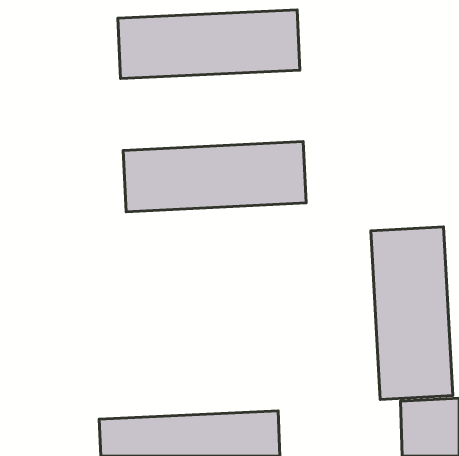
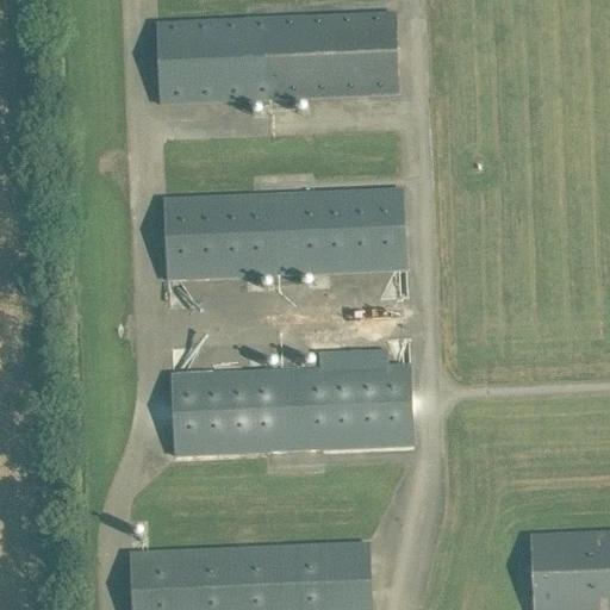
building: [371,227,453,400] -> none
building: none -> [170,344,413,456]

